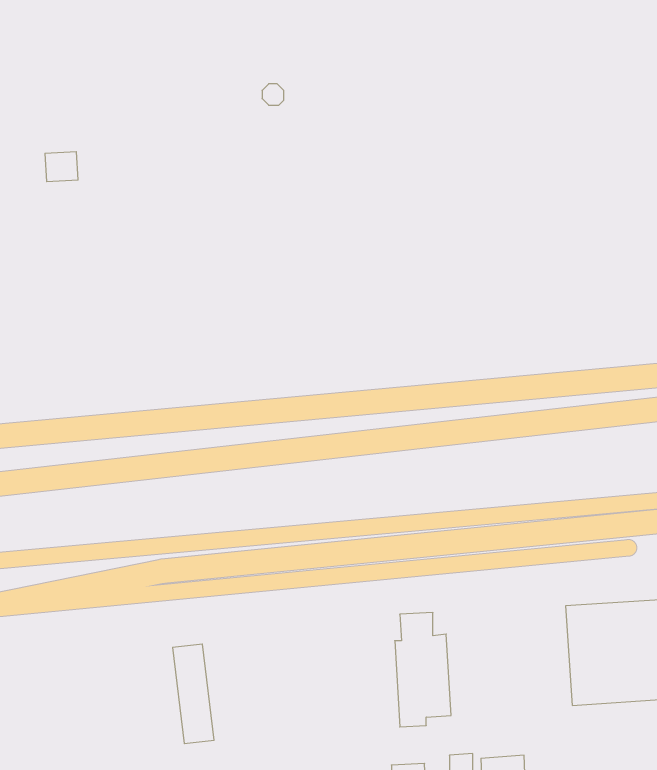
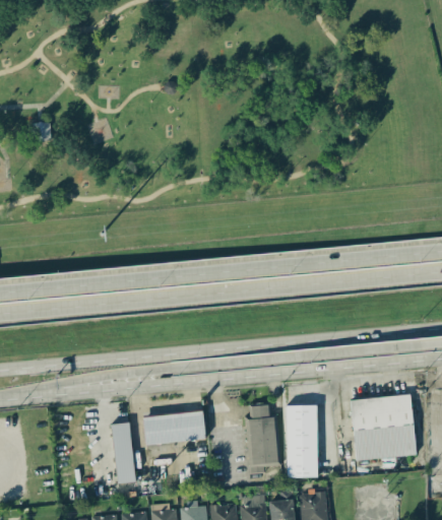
building: none -> [287,405,318,477]
building: none -> [143,410,206,445]

